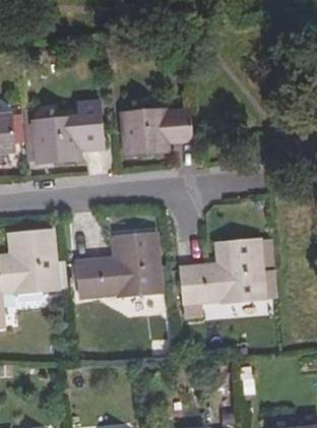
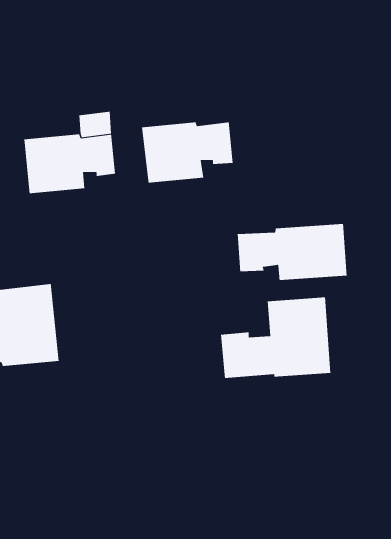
building: none -> [237,223,347,281]
building: [77,234,161,297] -> none

